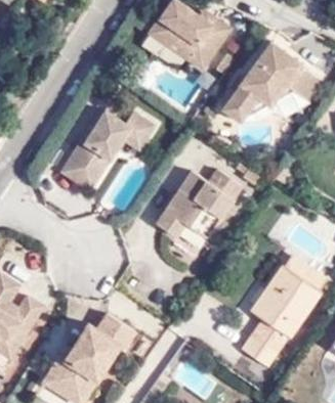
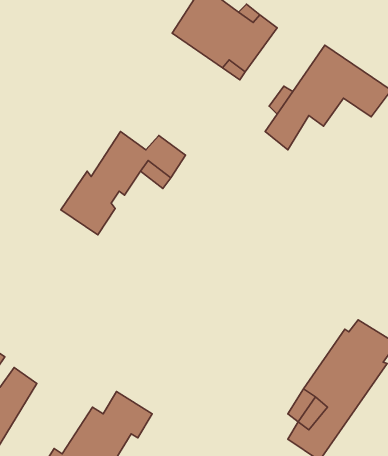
building: [156,176,241,244] -> none

